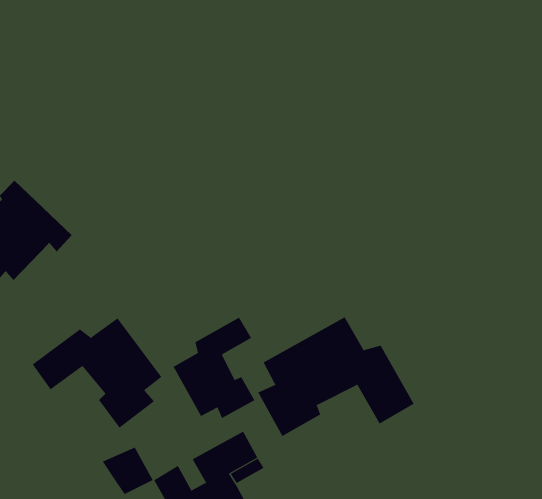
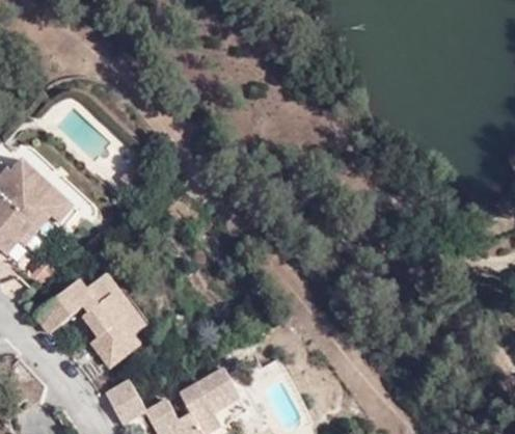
building: [257,317,414,437] -> none
building: [173,317,255,419] -> none

